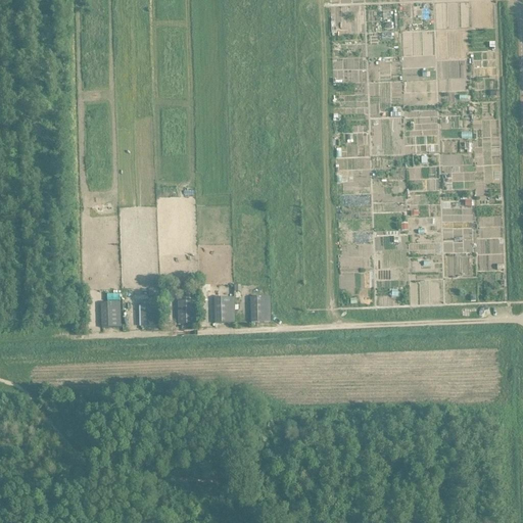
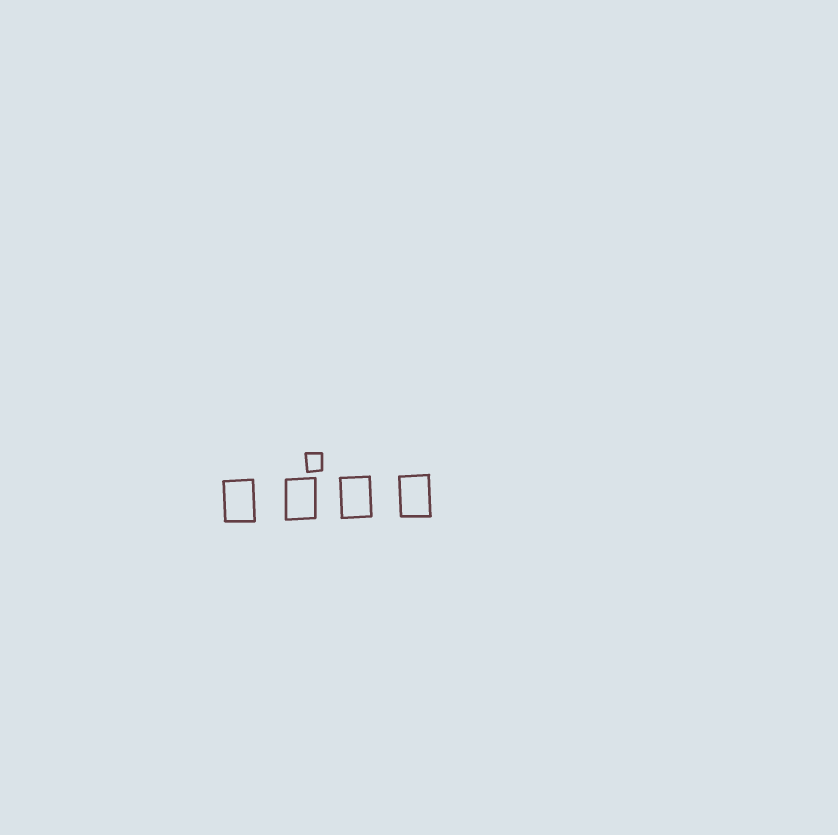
building: [99,300,118,326] -> none

